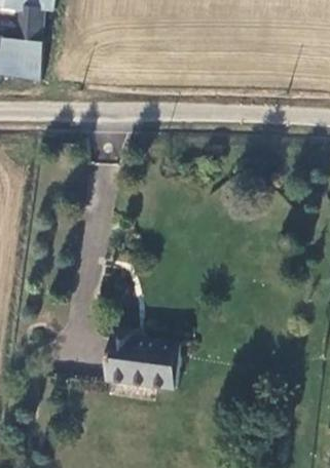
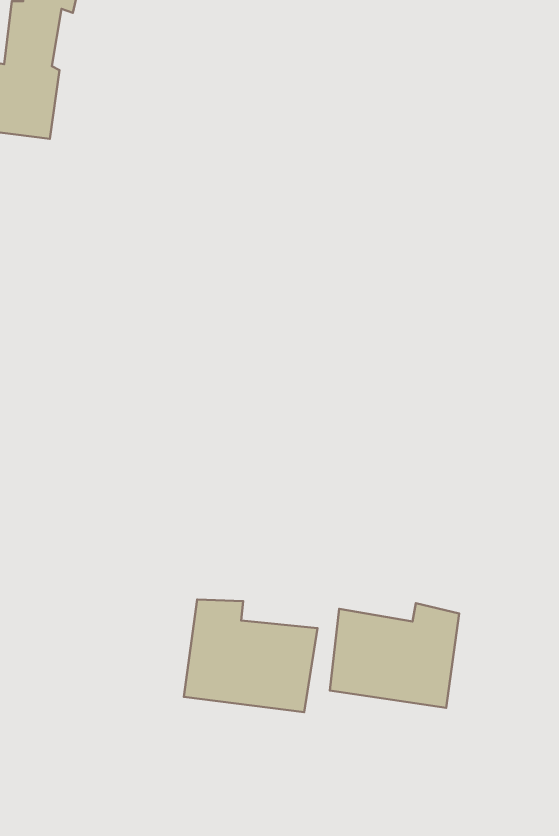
building: none -> [330,603,459,708]

